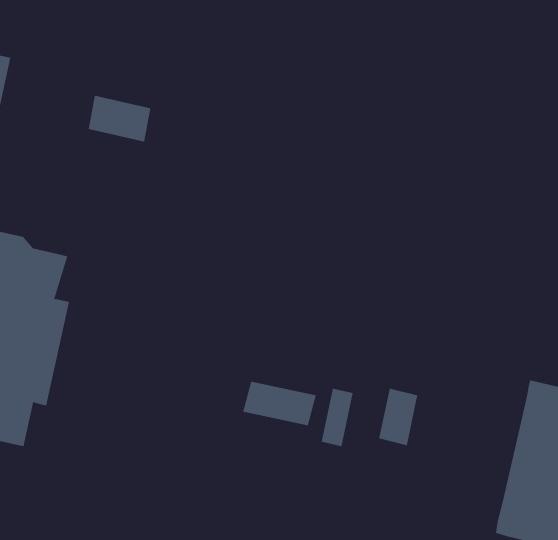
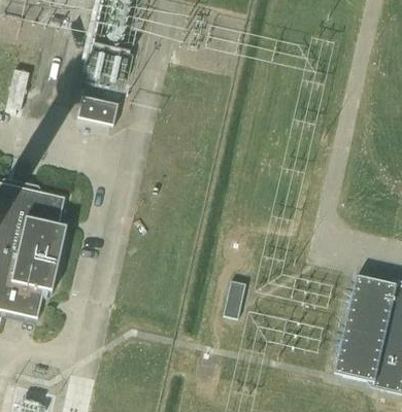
building: [243,381,316,426] -> none
building: [379,388,418,446] -> none

